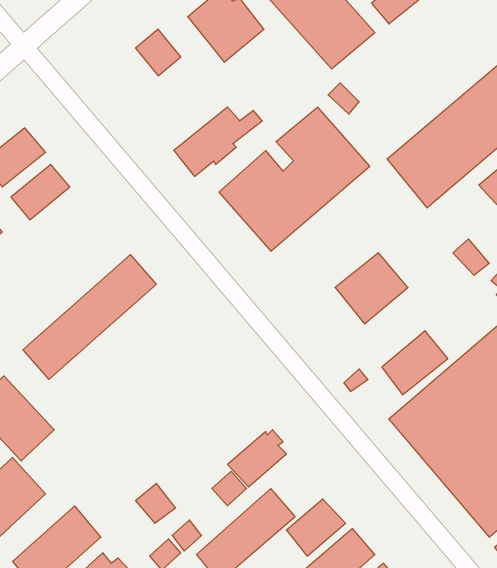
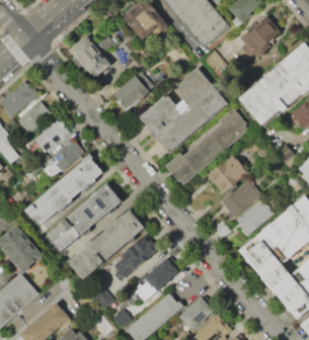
building: none -> [240,14,280,57]
building: none -> [69,34,110,78]
building: none -> [162,107,251,188]
building: none -> [33,119,68,152]
building: none -> [43,139,83,178]
building: none -> [221,180,259,219]
building: none -> [46,184,121,254]
building: none -> [67,208,145,279]
building: none -> [111,235,156,279]

